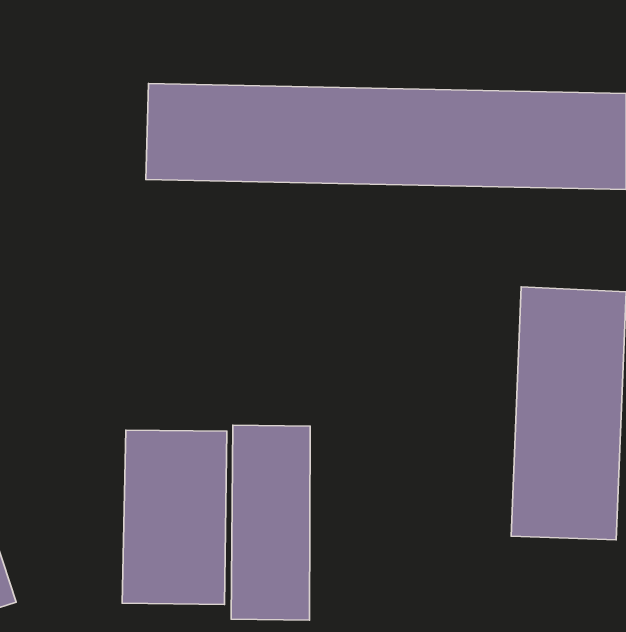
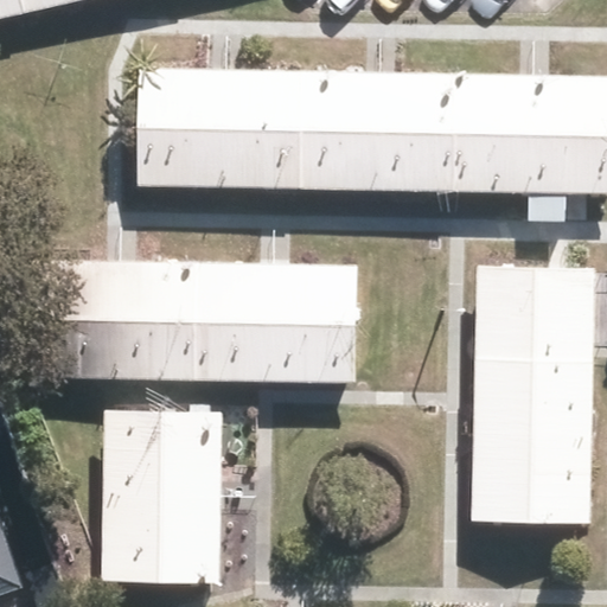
building: none -> [68,276,356,375]
building: [231,425,310,620] -> none

